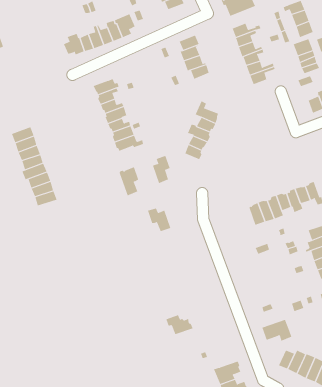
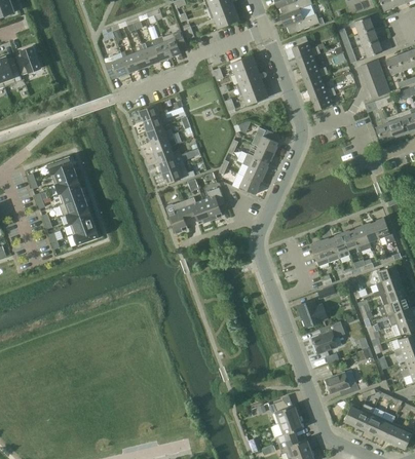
building: [147,208,171,232] -> [185,197,212,224]
building: none -> [298,299,328,328]
building: none -> [312,320,345,353]
building: [166,315,193,335] -> [269,400,300,423]

